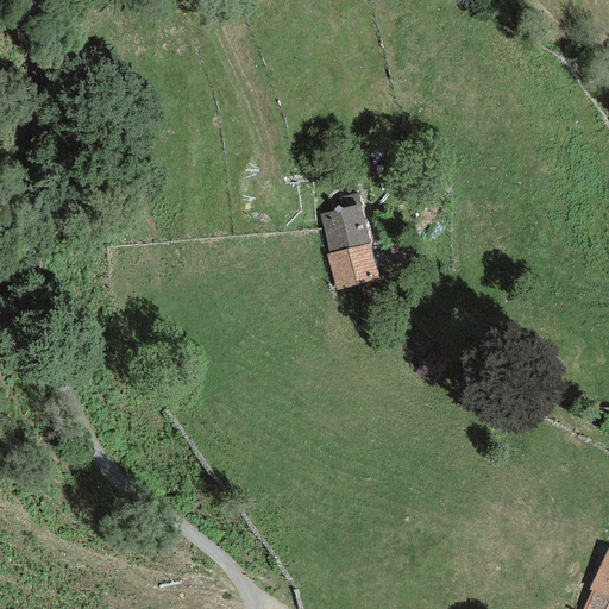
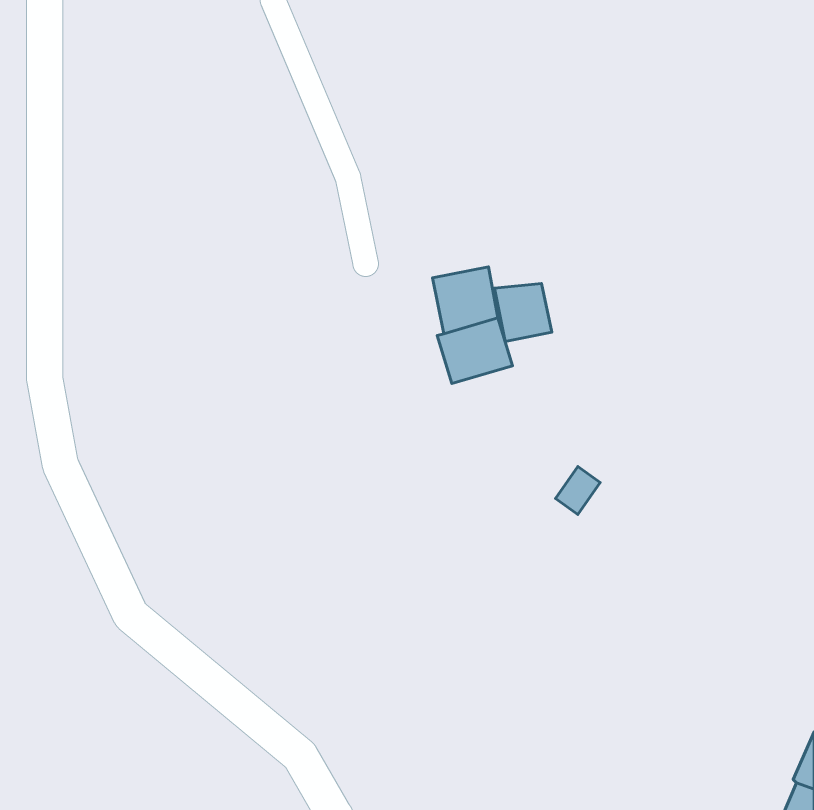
building: none -> [494,284,552,341]

